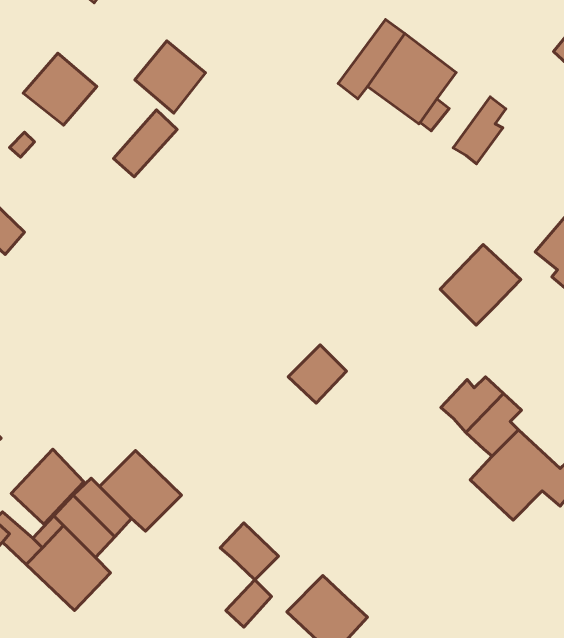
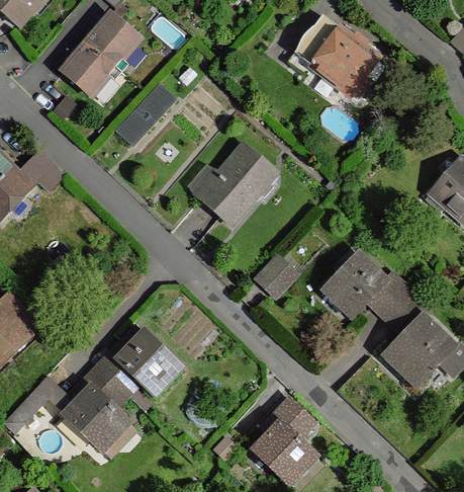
building: [135,41,206,113] -> [87,14,138,67]
building: [453,97,506,164] -> none
building: none -> [198,145,275,224]
building: [440,245,521,325] -> [327,255,385,314]
building: [11,449,84,524] -> none
building: [220,523,279,580] -> [272,398,314,439]

